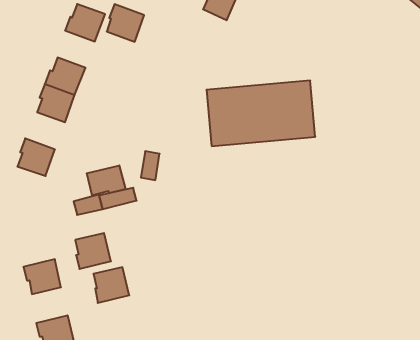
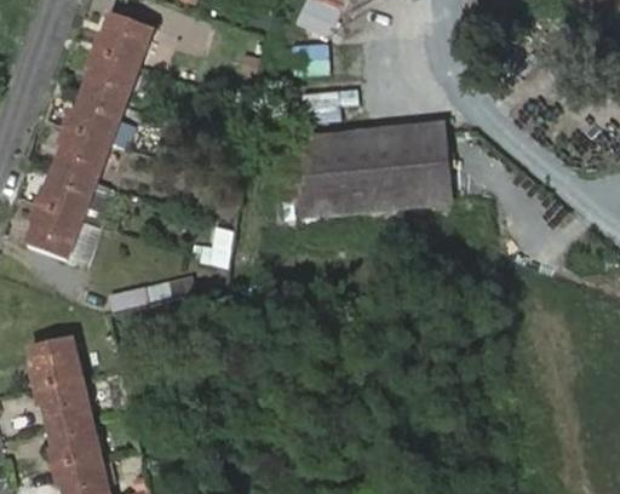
building: [107,4,144,42] -> [85,50,138,103]
building: none -> [39,166,96,219]
building: [87,165,125,195] -> none
building: [75,233,111,269] -> [30,335,81,386]
building: [93,267,129,303] -> [48,415,99,466]

